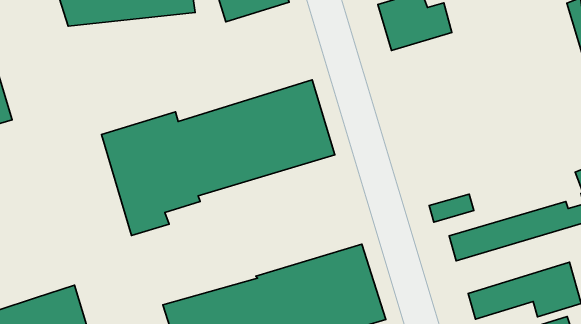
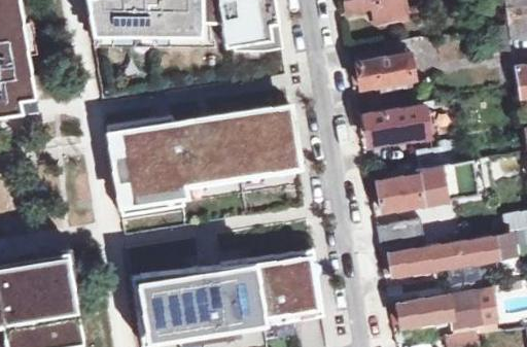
building: none -> [363,109,424,141]
building: none -> [366,149,454,212]

